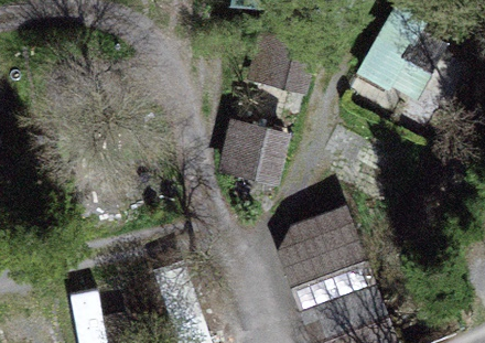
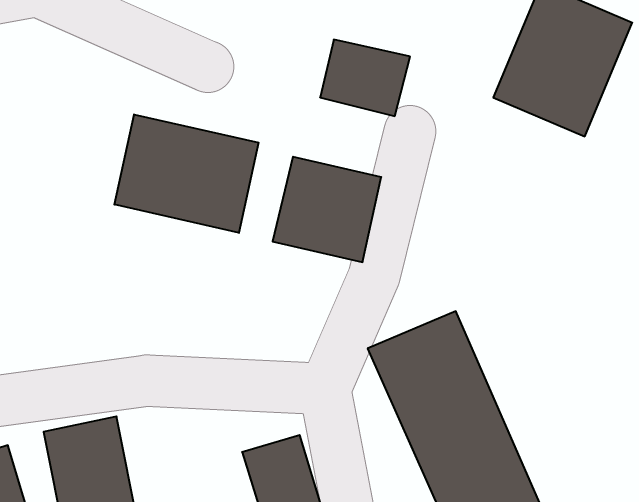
building: none -> [114,114,259,233]

